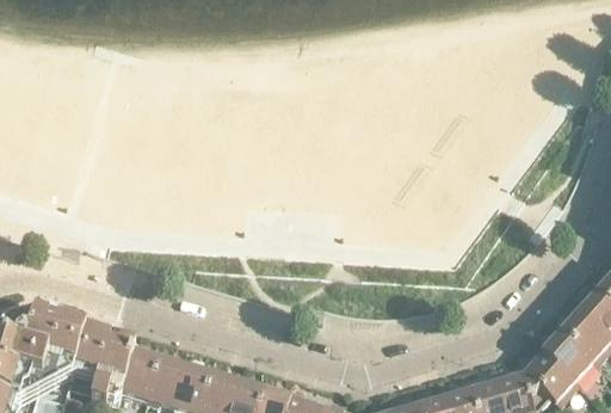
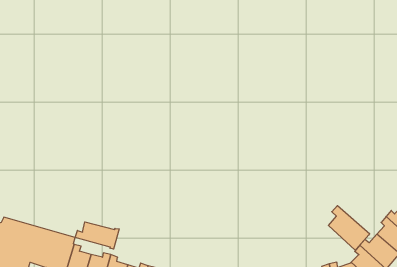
building: none -> [328,206,370,250]
building: none -> [75,222,119,249]

